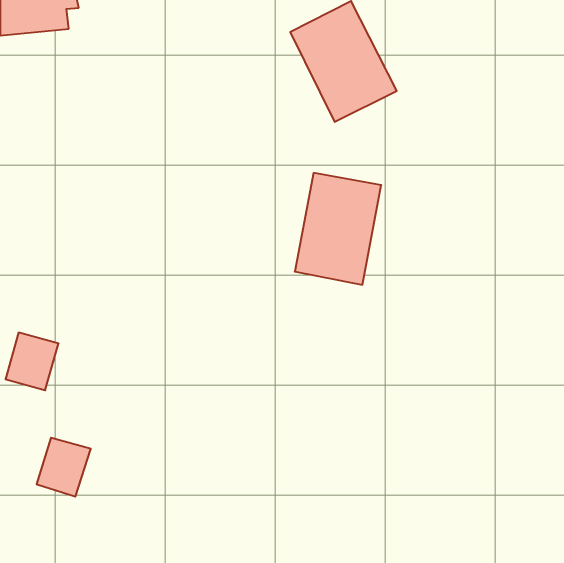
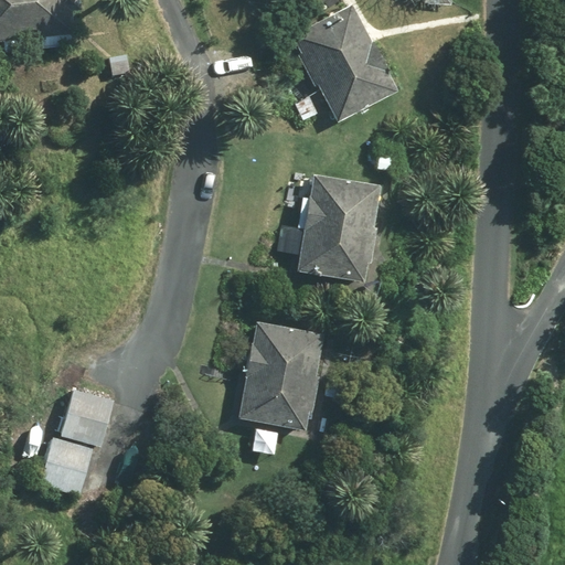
building: none -> [237,320,323,431]
building: [5,333,59,390] -> [61,387,114,445]

